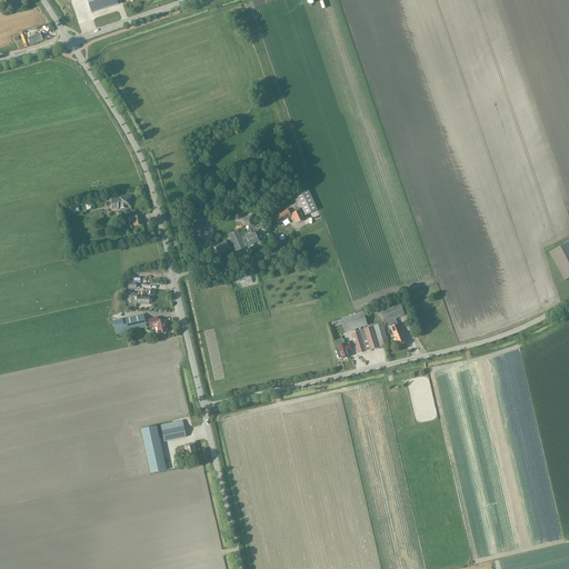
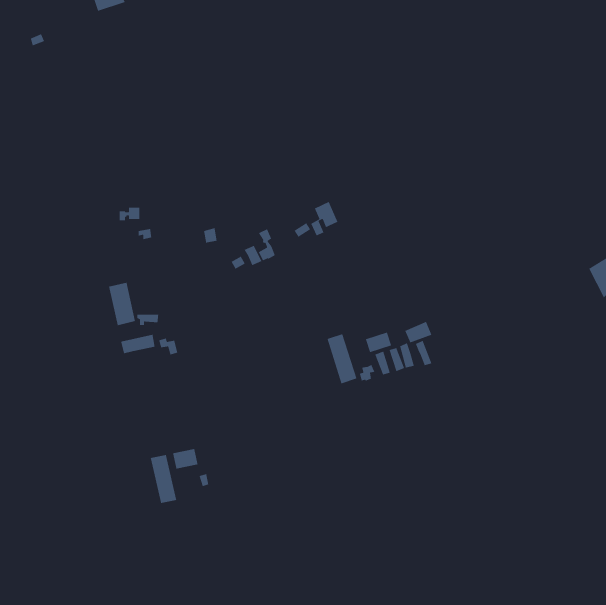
building: none -> [108,282,136,326]
building: none -> [326,333,357,384]

